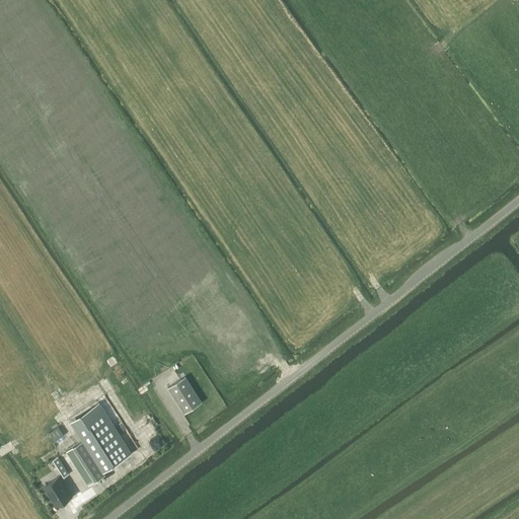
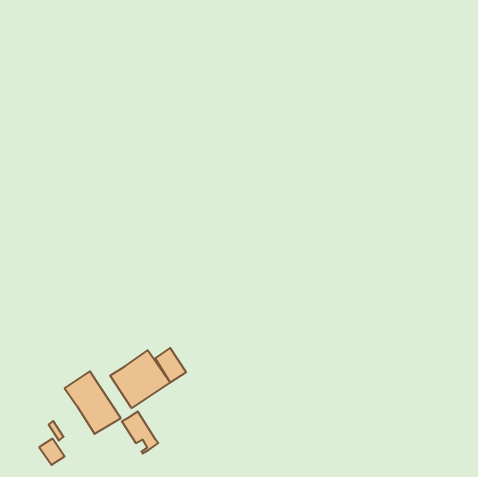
building: none -> [110,350,170,408]
building: [66,441,105,487] -> [122,411,158,453]

